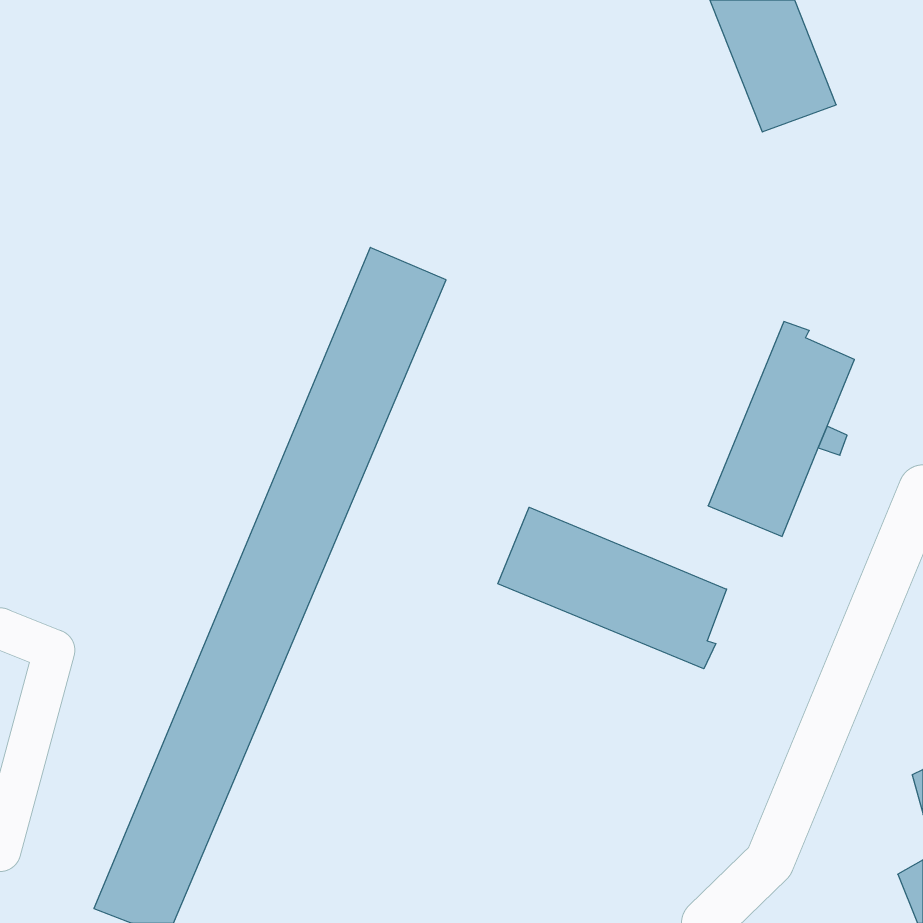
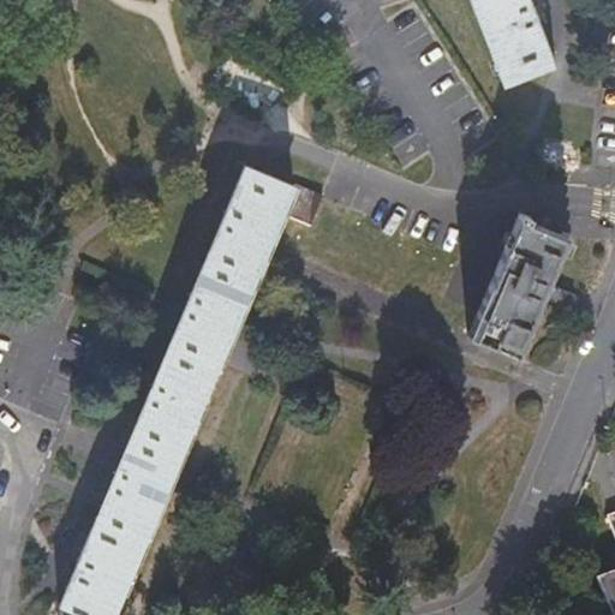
building: [498,507,727,669] -> none

